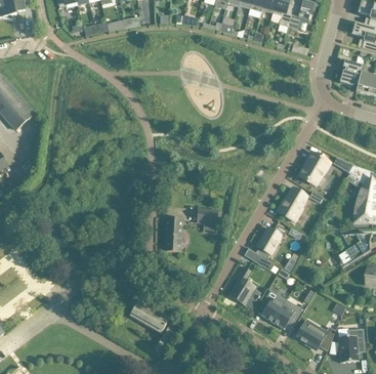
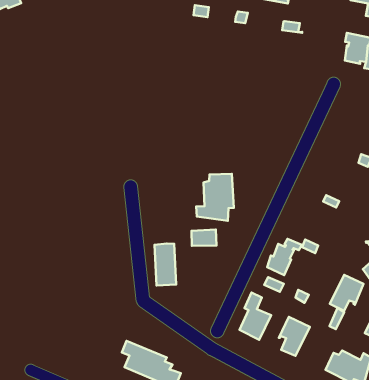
building: [300,152,330,186] -> none
building: none -> [196,174,234,221]
building: [277,188,307,221] -> none
building: [273,299,302,329] -> [330,275,364,311]

